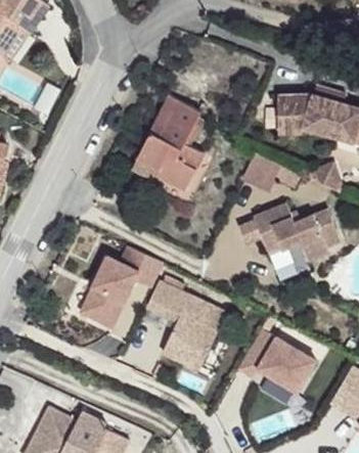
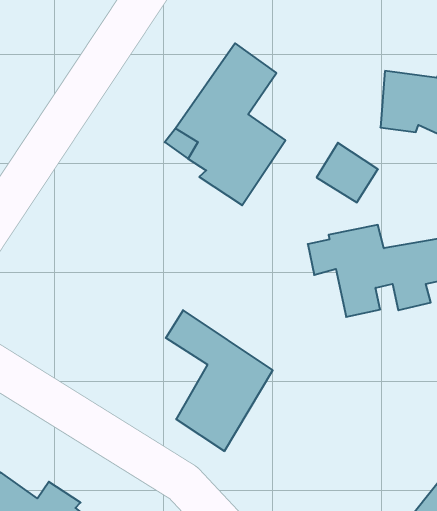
building: [79,251,163,332] -> none
building: [240,323,318,388] -> none

